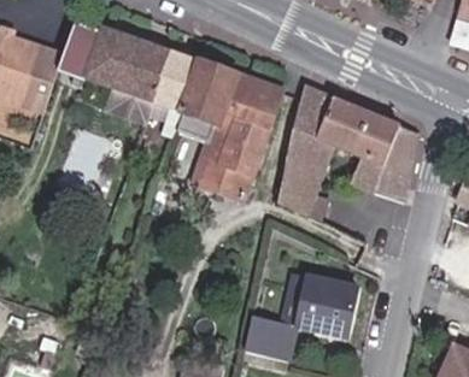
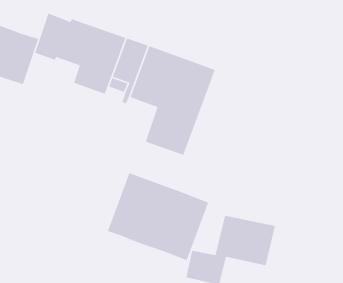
building: [277,86,417,245] -> none
building: none -> [107,172,209,261]

